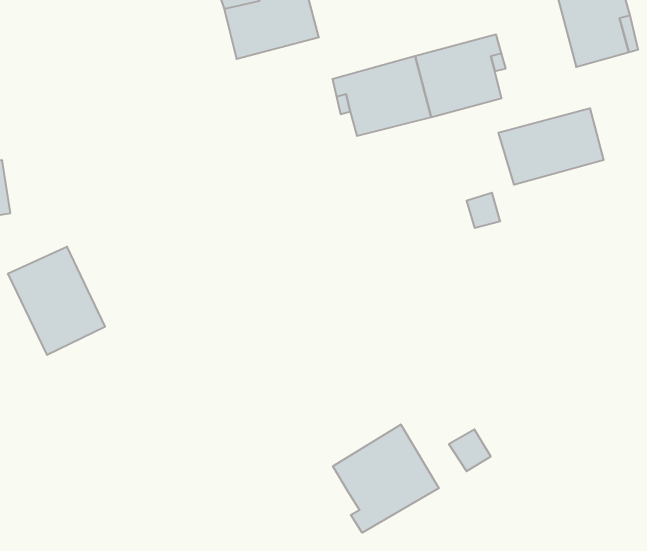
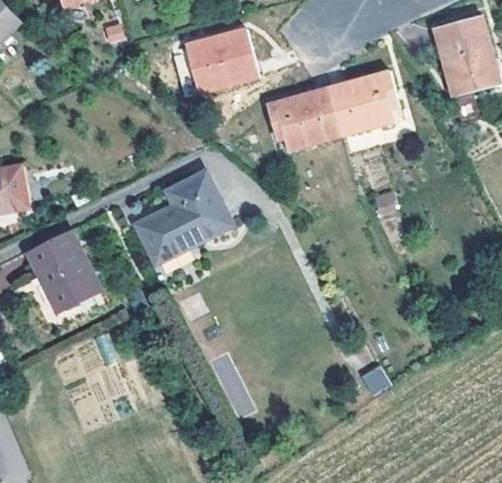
building: [498,108,603,185] -> none
building: none -> [142,176,233,262]
building: [333,424,439,533] -> none

